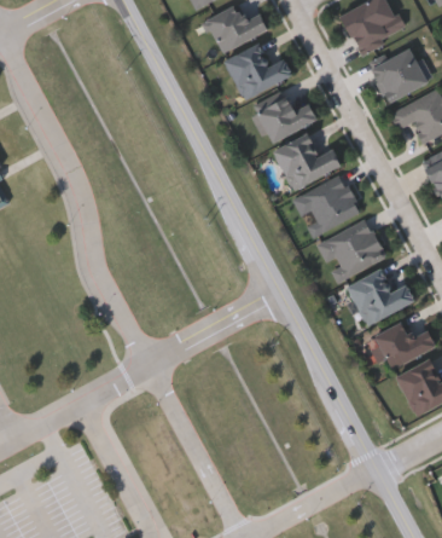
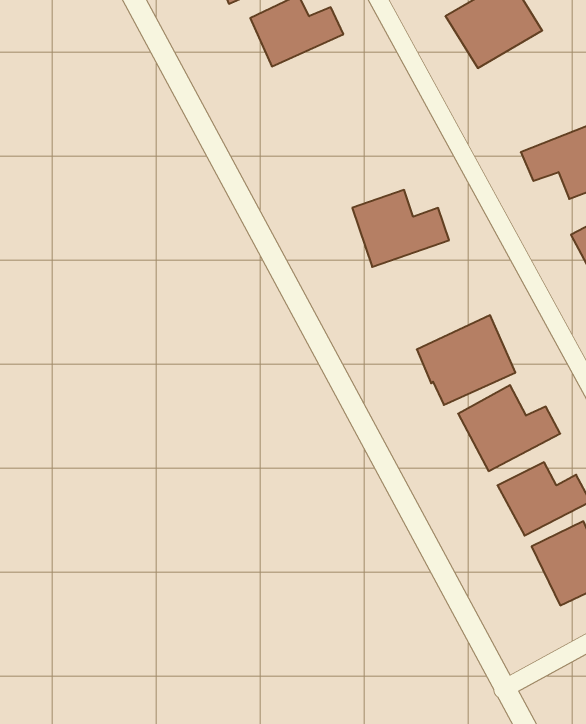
building: [225,44,292,99] -> none
building: [371,50,426,102] -> none
building: [255,94,316,143] -> none
building: [293,174,361,238] -> none

